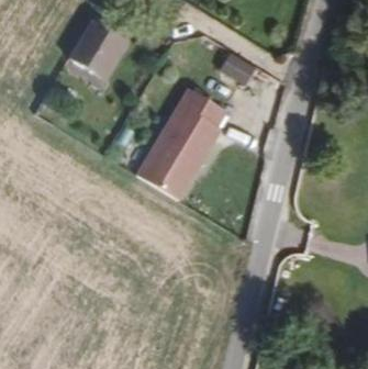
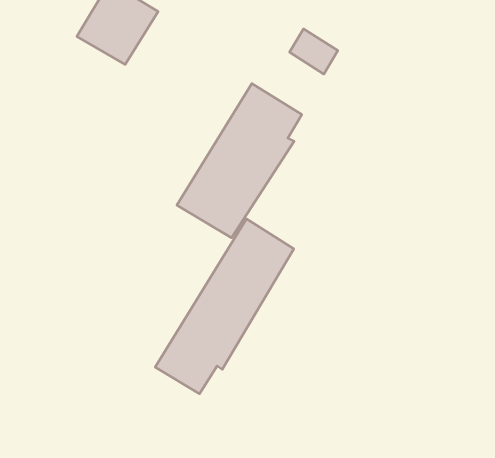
building: none -> [155,219,294,394]

